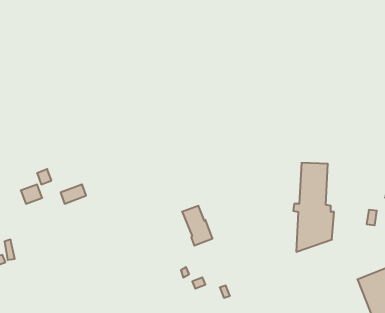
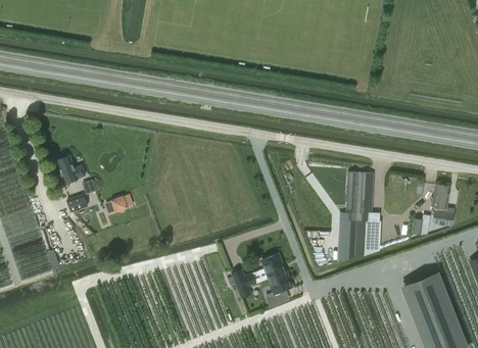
building: none -> [55,155,86,186]
building: [182,206,213,246] -> [261,255,292,295]

